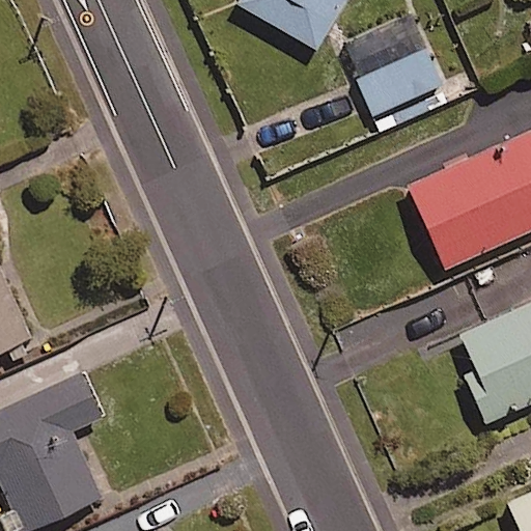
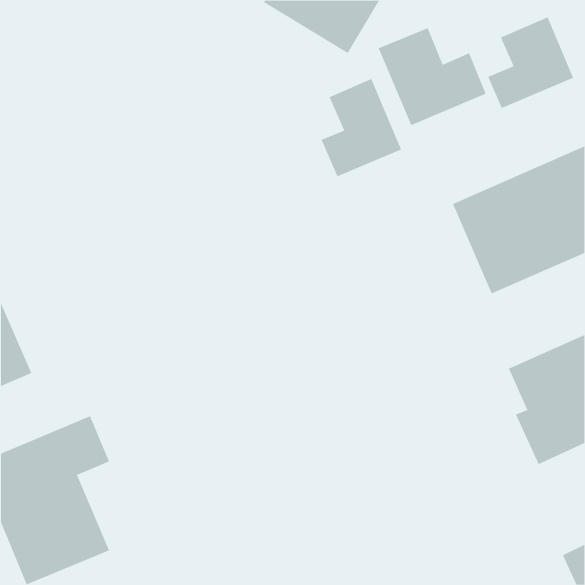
building: none -> [488,16,574,109]
building: none -> [321,78,402,177]

